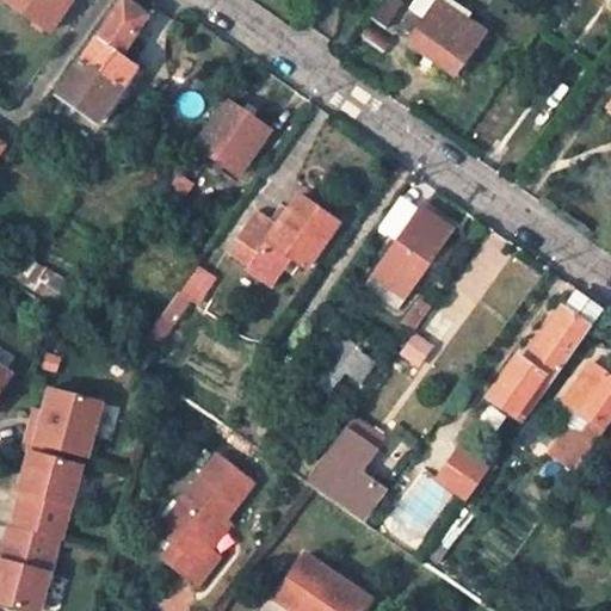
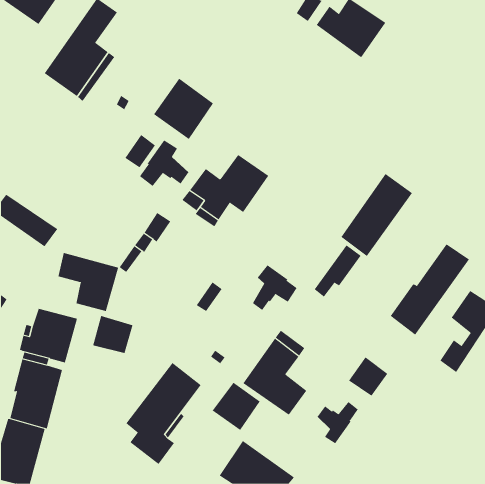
building: none -> [139,139,189,187]
building: [365,204,456,309] -> [340,173,413,257]
building: none -> [58,252,119,312]
building: none -> [93,315,133,354]
building: none -> [212,382,260,431]
building: none -> [317,401,359,444]

